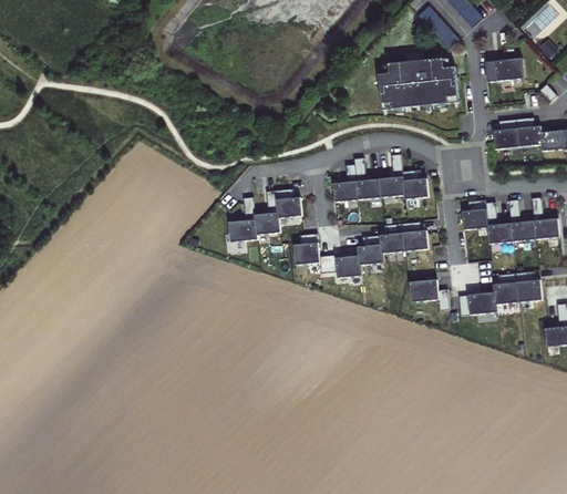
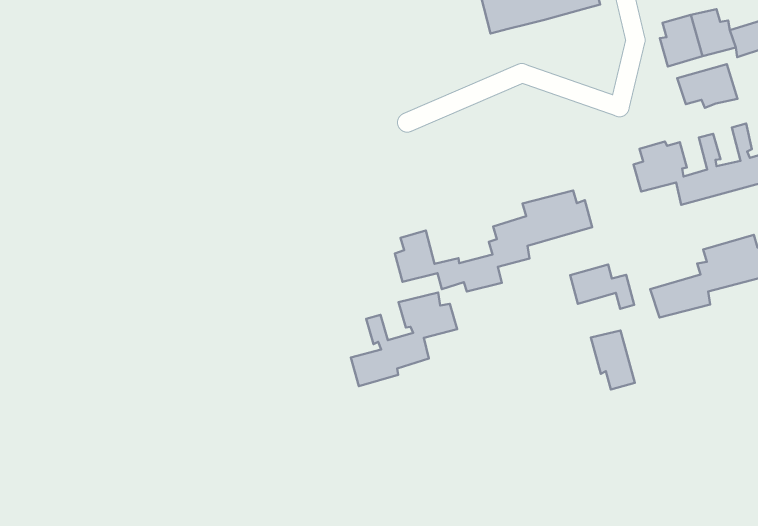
building: [333,154,429,203] -> none
building: none -> [677,64,737,108]
building: [227,187,301,241] -> [351,293,457,386]
building: none -> [591,330,635,389]

